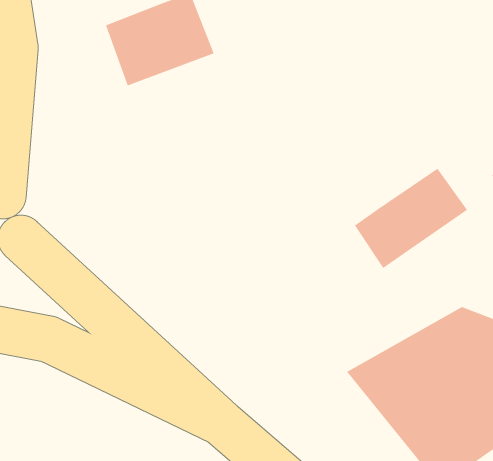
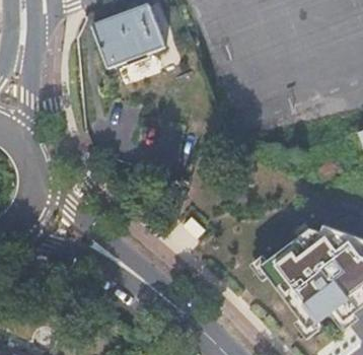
building: [354,168,468,269] -> none

